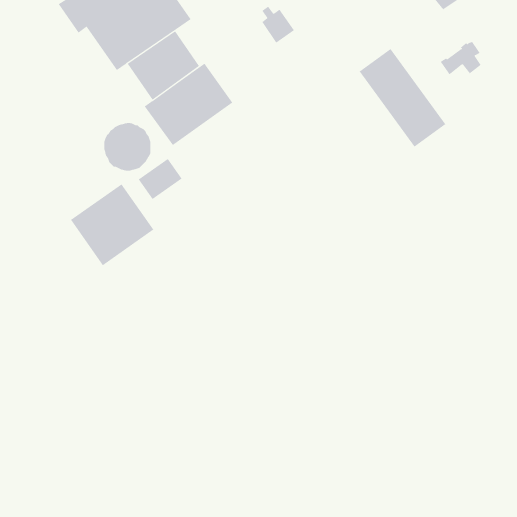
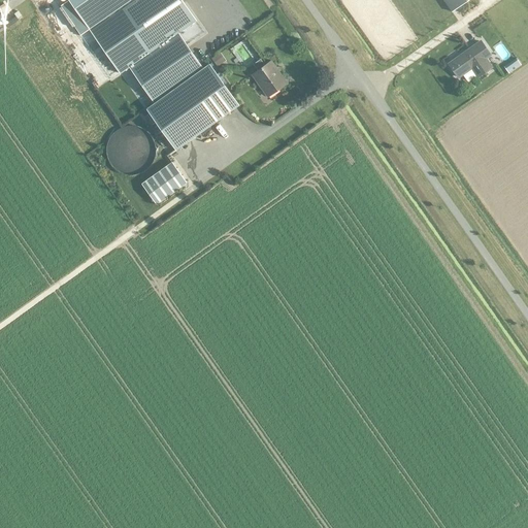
building: [262,6,295,43] -> [252,58,286,96]
building: [359,48,446,148] -> none
building: [70,183,154,266] -> none

